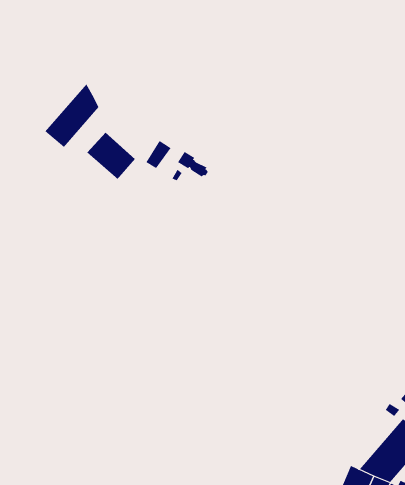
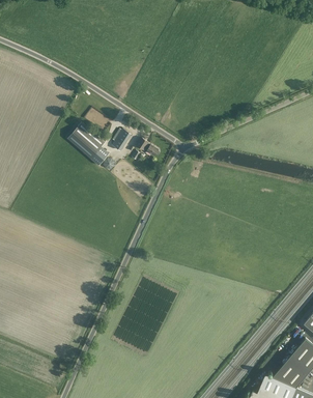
building: [45,83,99,148] -> none

